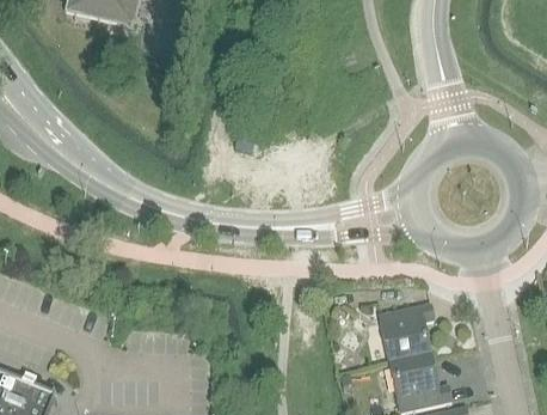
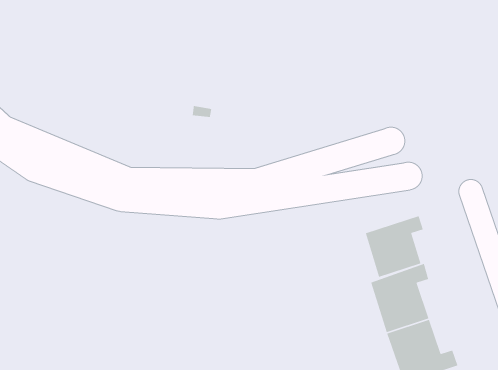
building: none -> [365,215,424,278]

